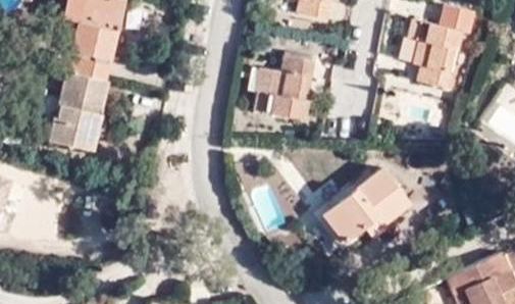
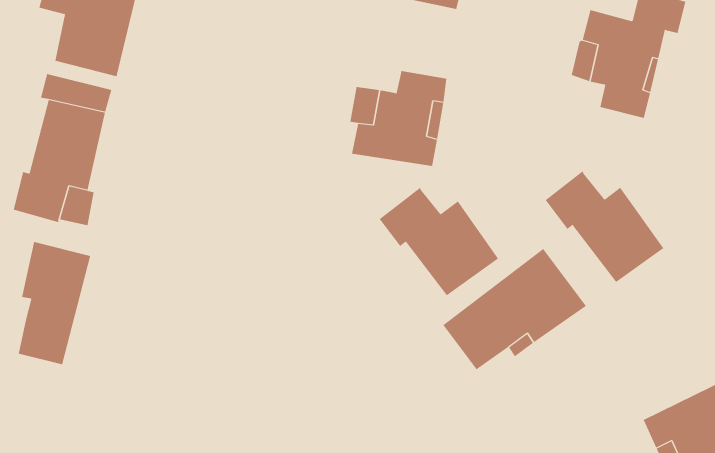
building: none -> [545,170,664,283]
building: none -> [379,187,499,296]
building: none -> [18,241,91,365]

